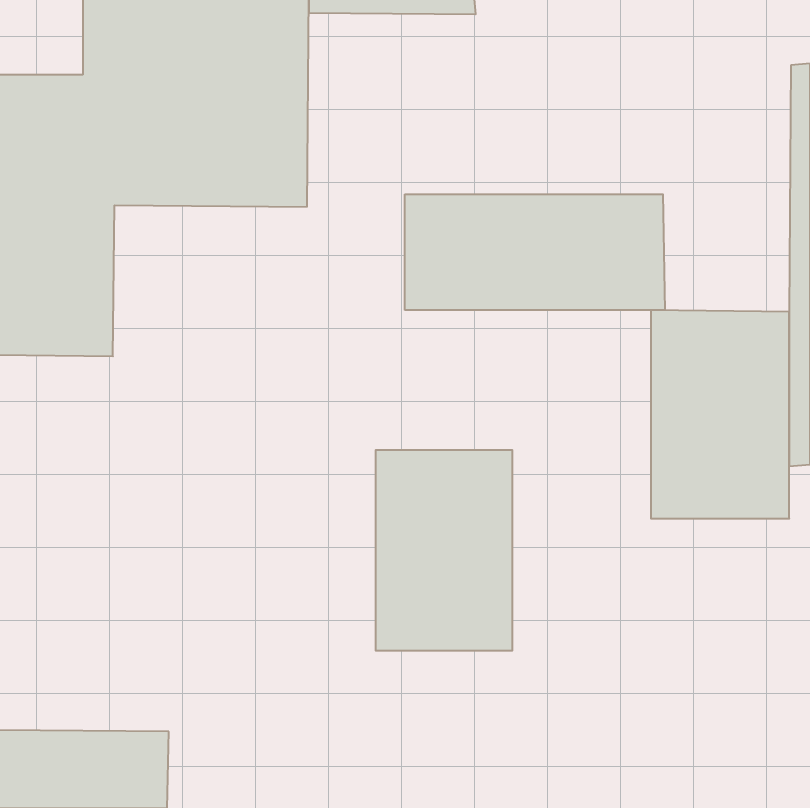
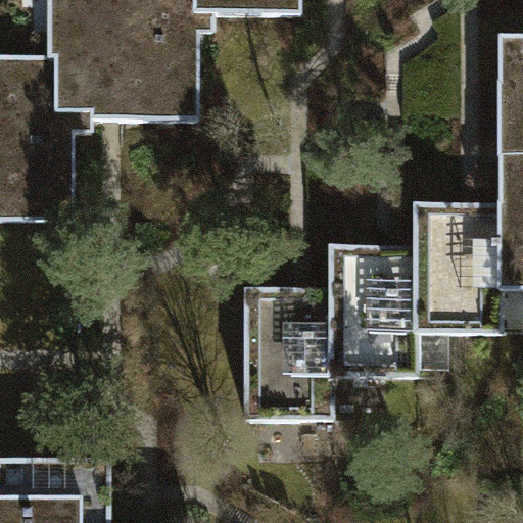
building: [405,194,665,310] -> none
building: none -> [329,241,418,375]

